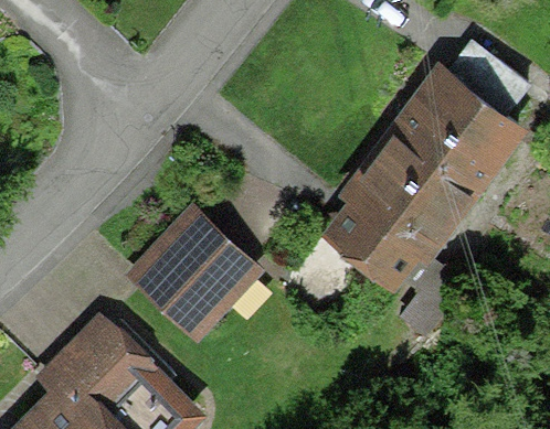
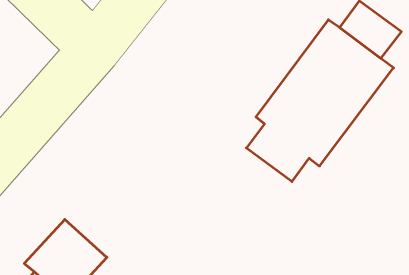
building: [141,217,251,326] -> none

